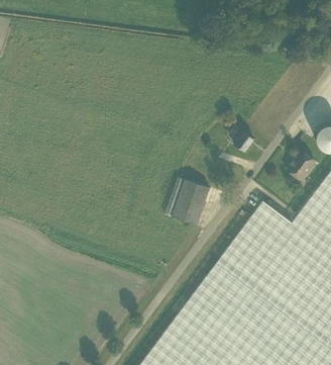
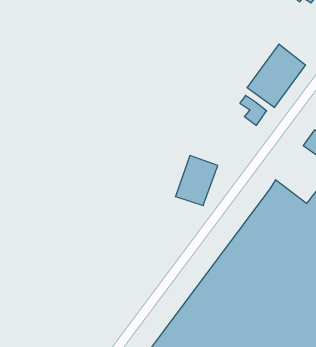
building: none -> [247,44,305,108]

